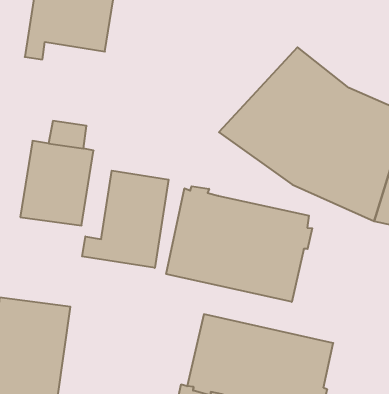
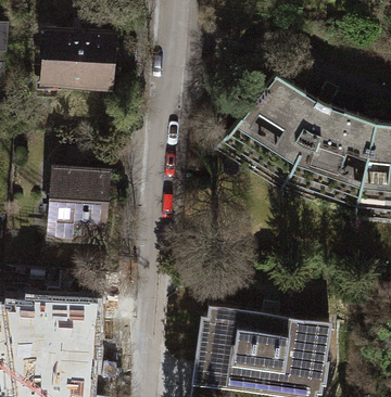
building: [82,171,169,268] -> none
building: [166,186,312,302] -> none

